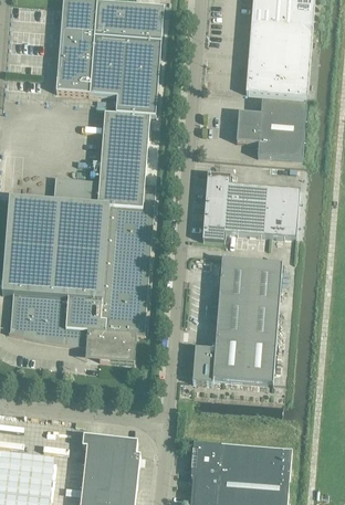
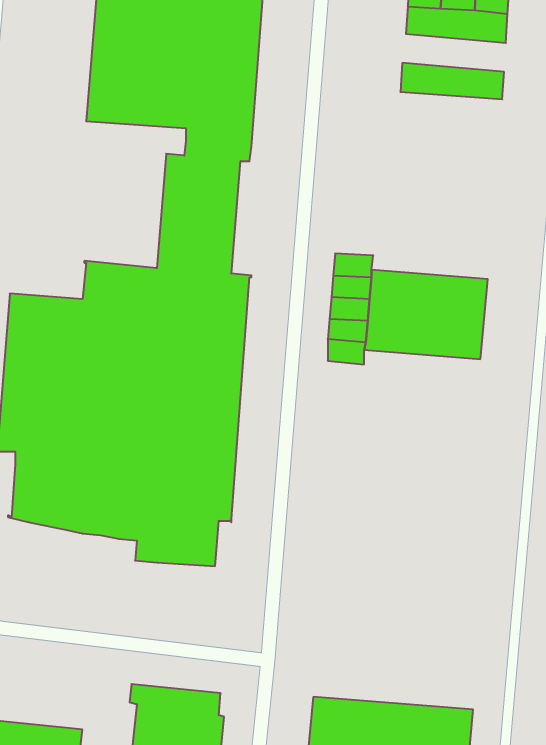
building: [248,39,311,62] -> none
building: [245,74,309,97] -> none
building: [236,101,306,159] -> none
building: [191,256,282,385] -> none

